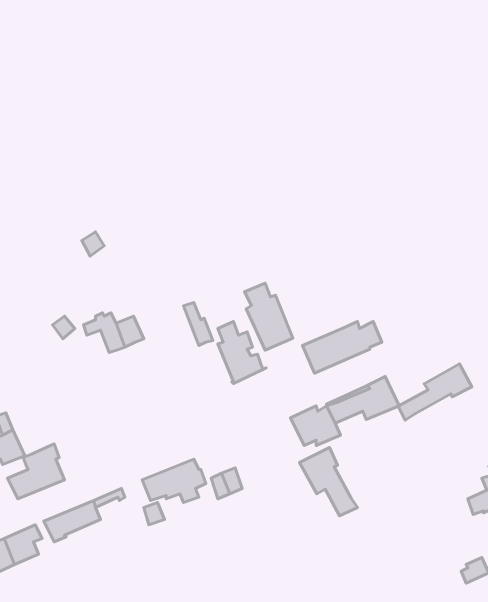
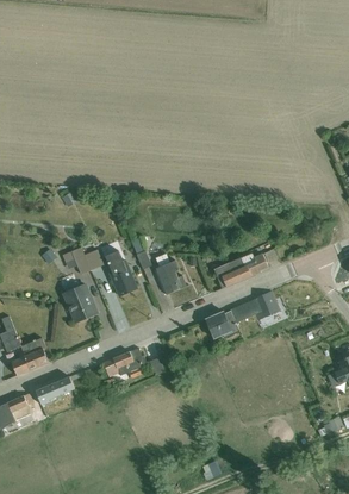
building: [245,283,293,350] -> [105,250,138,296]
building: none -> [64,280,98,321]
building: [398,364,472,420] -> none
building: [299,448,357,516] -> none

